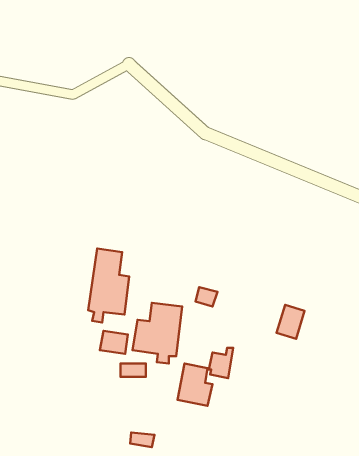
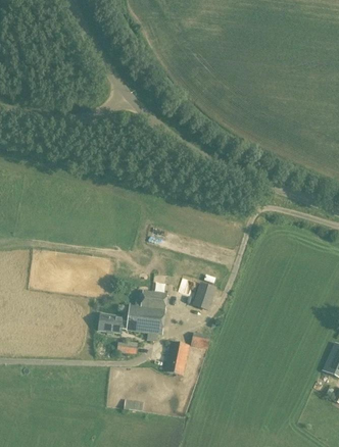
building: [88,248,129,323] -> none
building: [277,305,305,339] -> [192,282,215,310]

